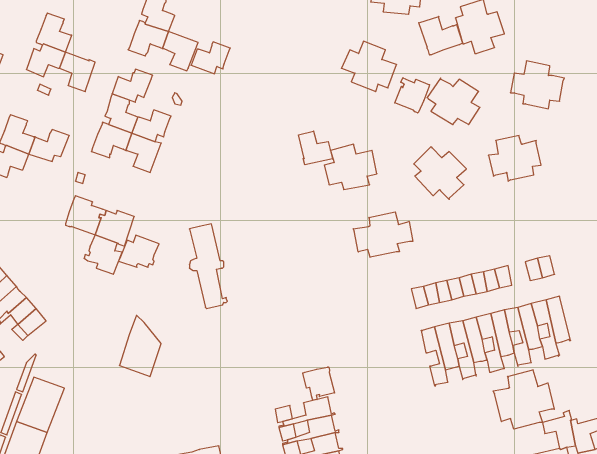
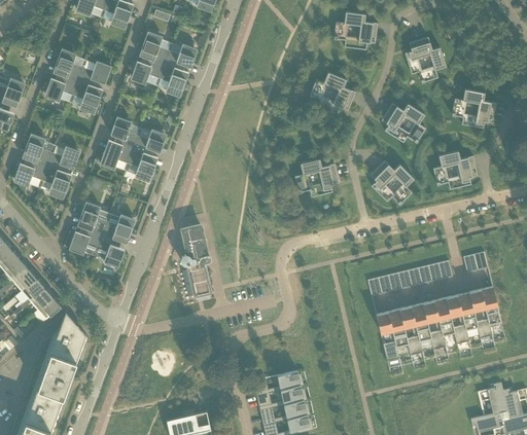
building: [419,16,463,55] -> none
building: [191,42,230,74] -> [164,44,197,71]
building: [112,69,153,102] -> [77,61,111,88]
building: [395,78,430,113] -> none
building: [299,131,332,165] -> none
building: none -> [41,167,71,200]
building: [353,212,413,257] -> none
building: [119,235,159,267] -> [68,227,102,254]
building: [119,315,161,377] -> [50,312,85,363]
building: [303,367,335,400] -> none
building: [493,370,554,429] -> none

